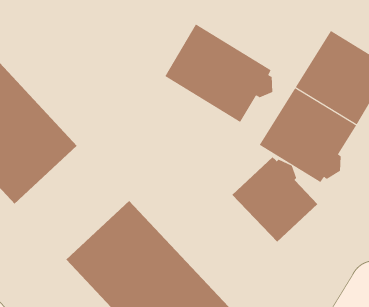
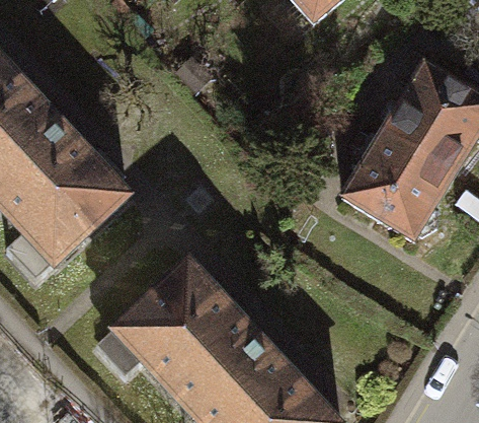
building: [164,24,273,123] -> none
building: [232,156,318,242] -> none

